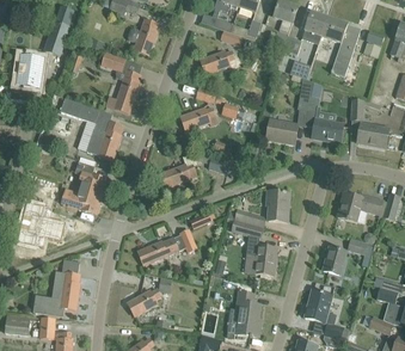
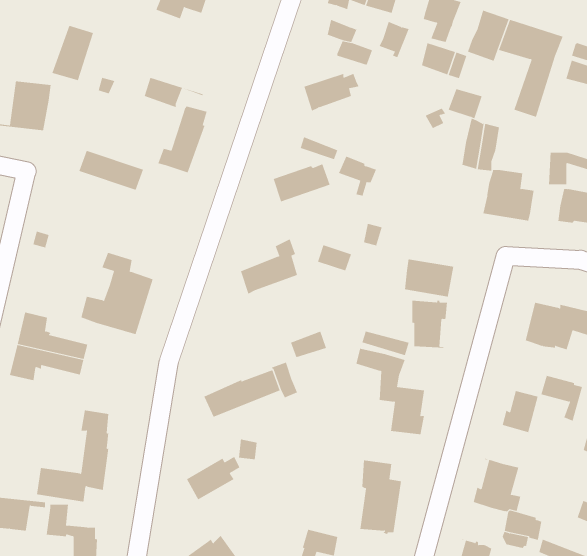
building: [127,18,158,55] -> none
building: [86,117,124,160] -> none
building: [266,119,297,143] -> [404,259,454,297]

